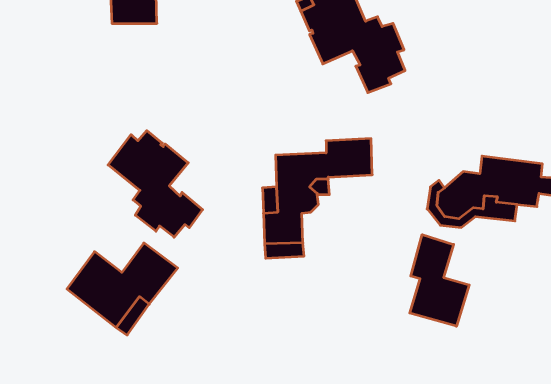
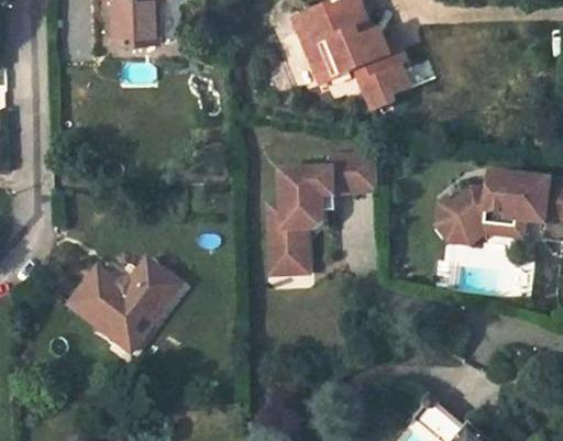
building: [108,131,203,237] -> none
building: [410,235,469,326] -> none

